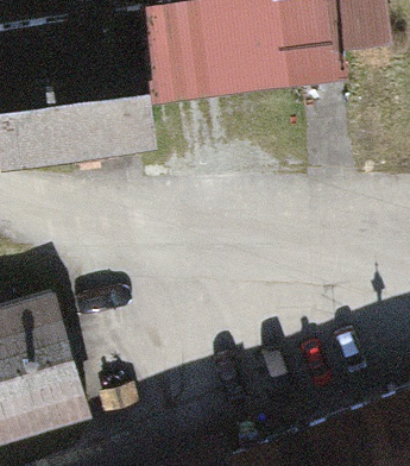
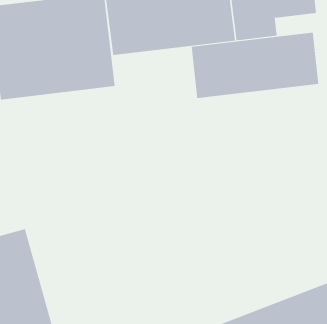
building: none -> [191,32,319,99]

